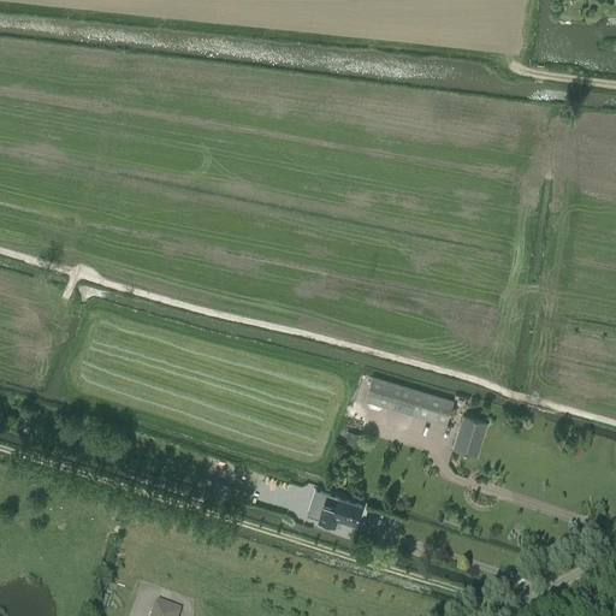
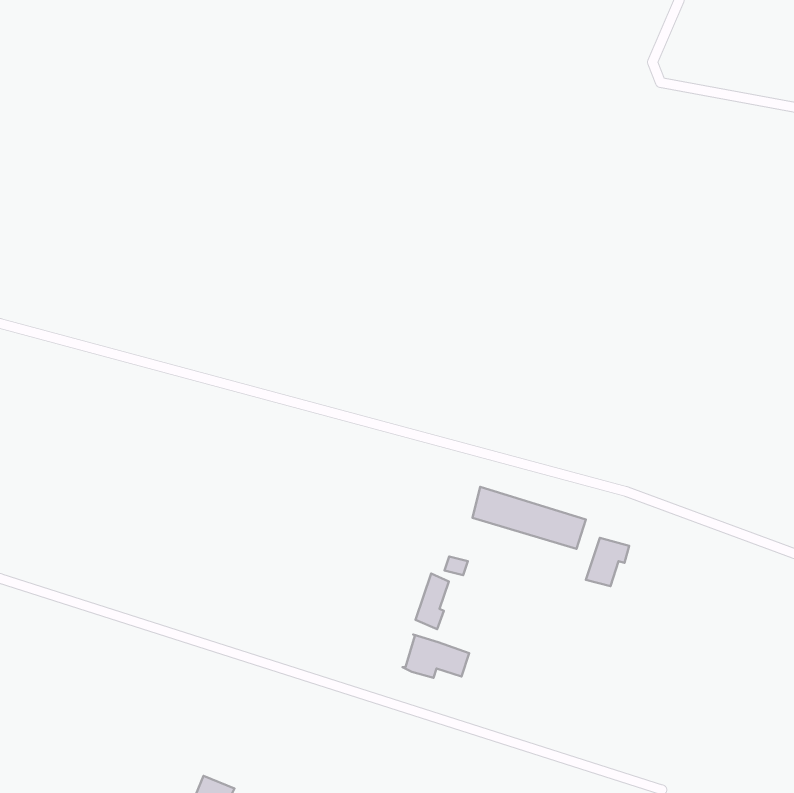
building: none -> [416,573,449,629]

